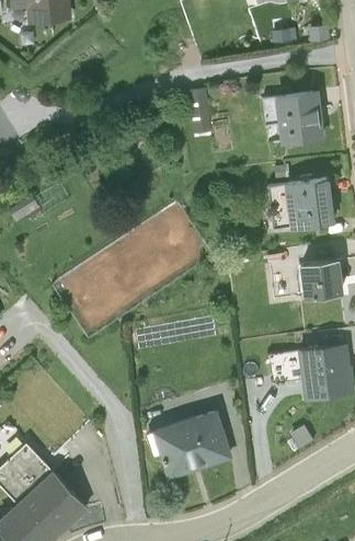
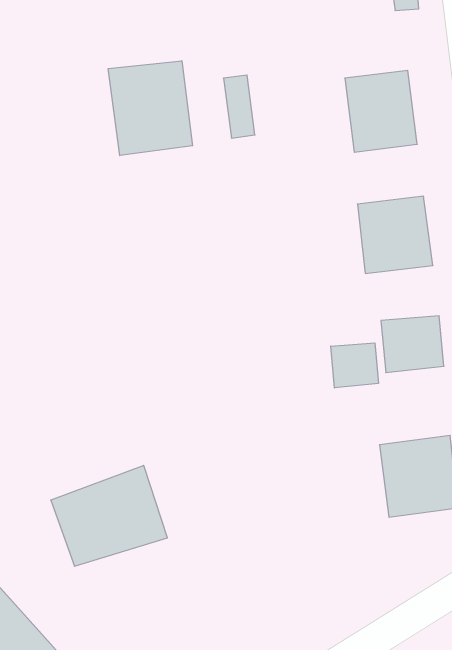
building: none -> [108,61,193,156]
building: none -> [331,343,378,388]
building: [151,408,232,479] -> [51,465,167,566]

